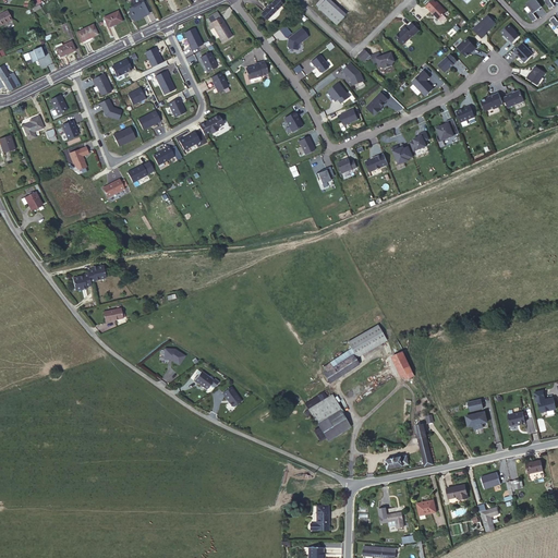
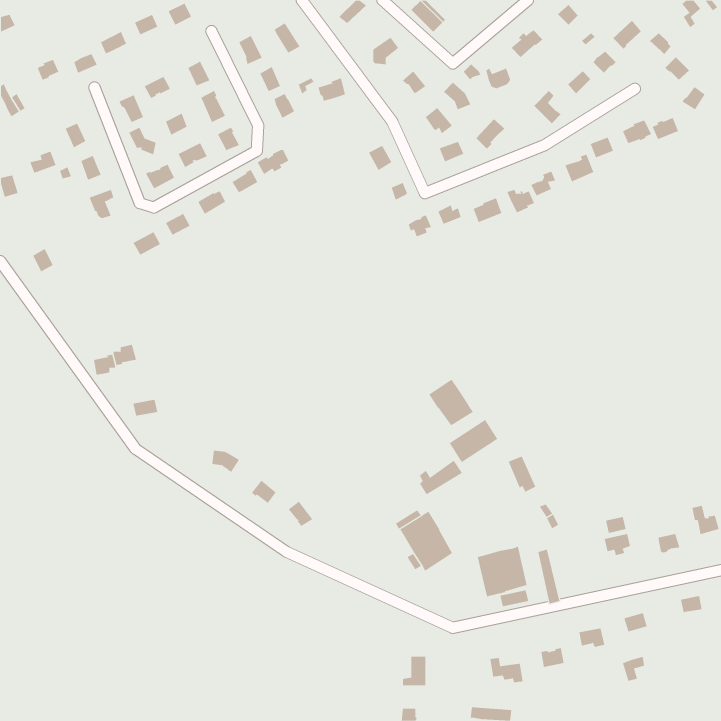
building: none -> [428,379,474,426]
building: none -> [477,546,527,597]

